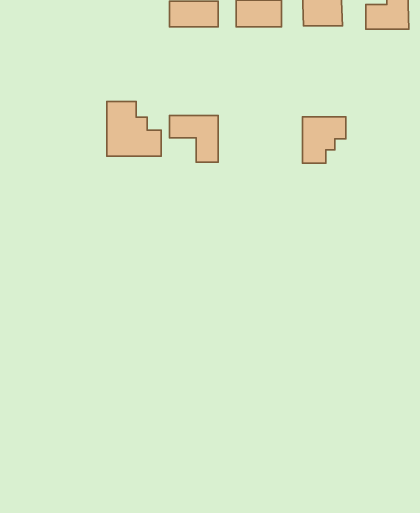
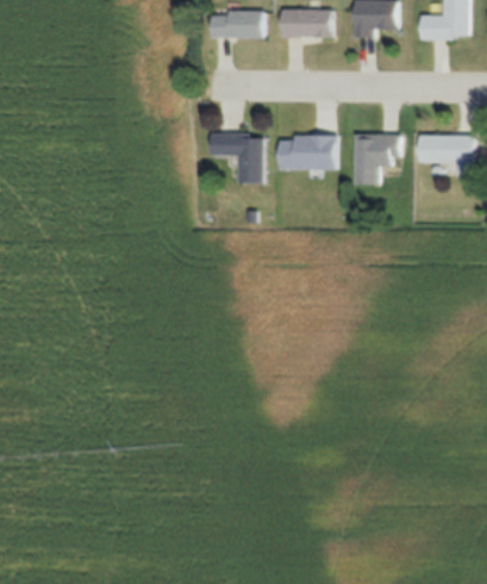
building: [107,102,161,156] -> none
building: none -> [279,133,335,169]
building: none -> [419,133,474,176]

